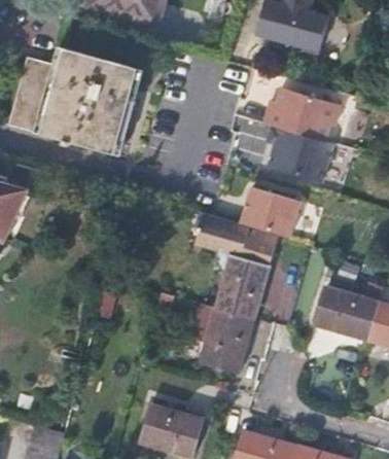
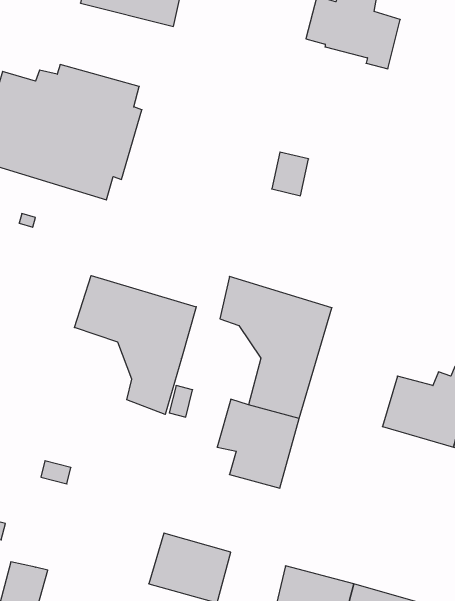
building: [270,90,347,184] -> none
building: [241,186,300,238] -> none
building: none -> [74,276,196,414]

